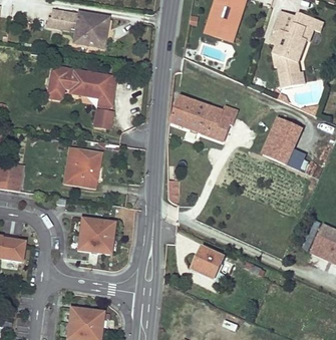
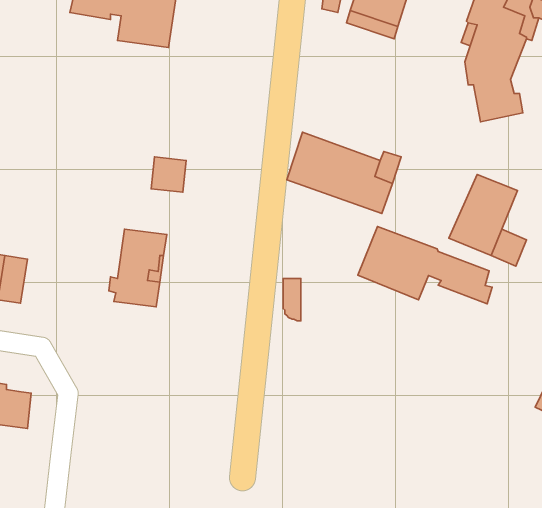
building: [47,65,115,106] -> none
building: none -> [358,226,492,304]
building: [79,220,115,255] -> none
building: [194,246,224,277] -> none

